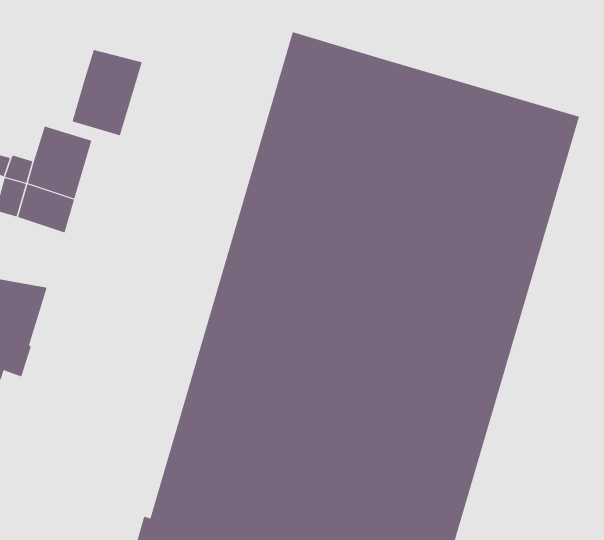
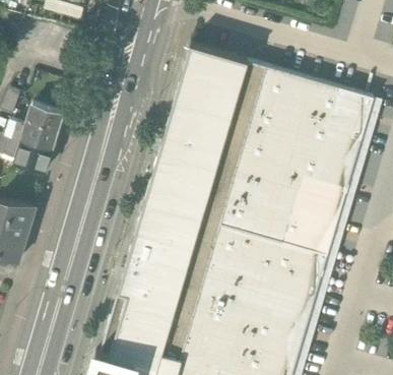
building: [72,49,143,136] -> none

